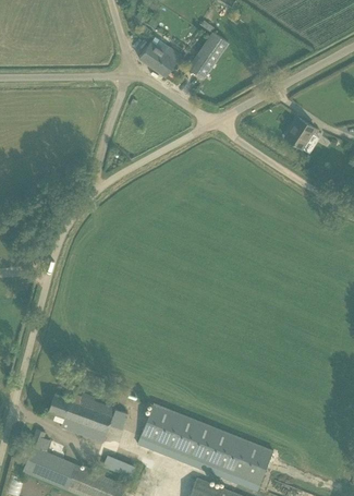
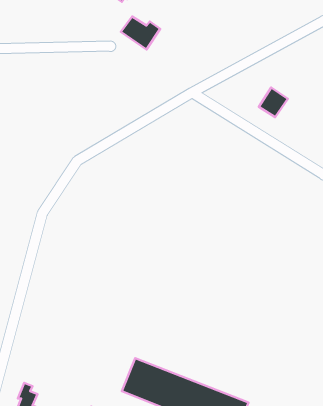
building: [188,32,229,78] -> none
building: [46,394,127,444] -> none

